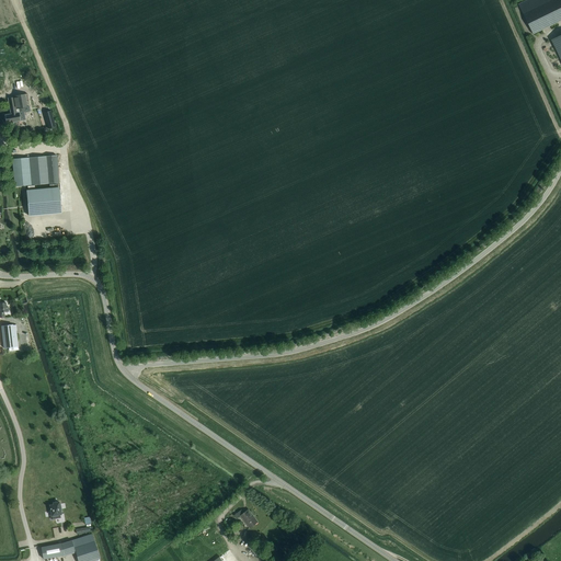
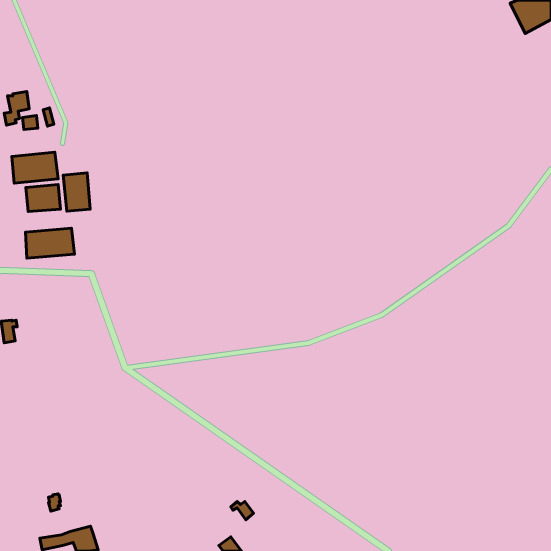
building: none -> [63,173,90,211]
building: none -> [25,228,74,258]

